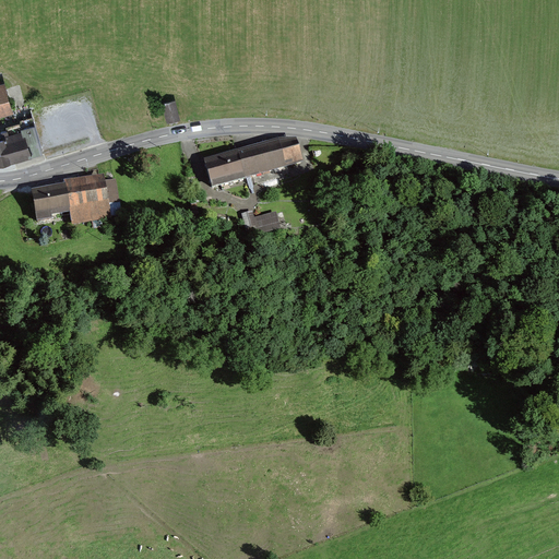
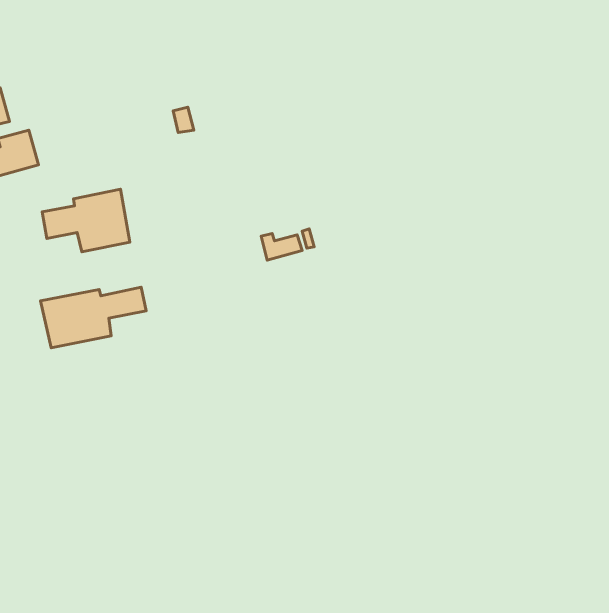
building: [201,138,295,187] -> none
building: none -> [41,287,146,348]

